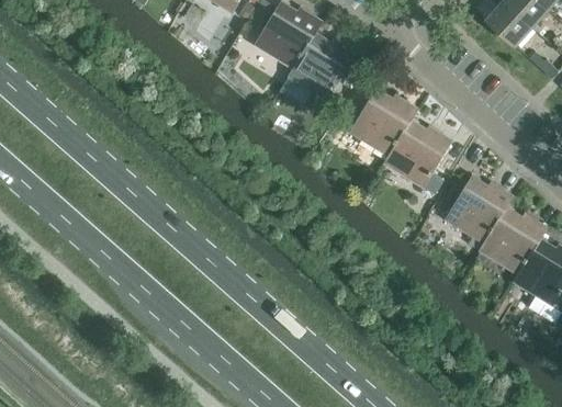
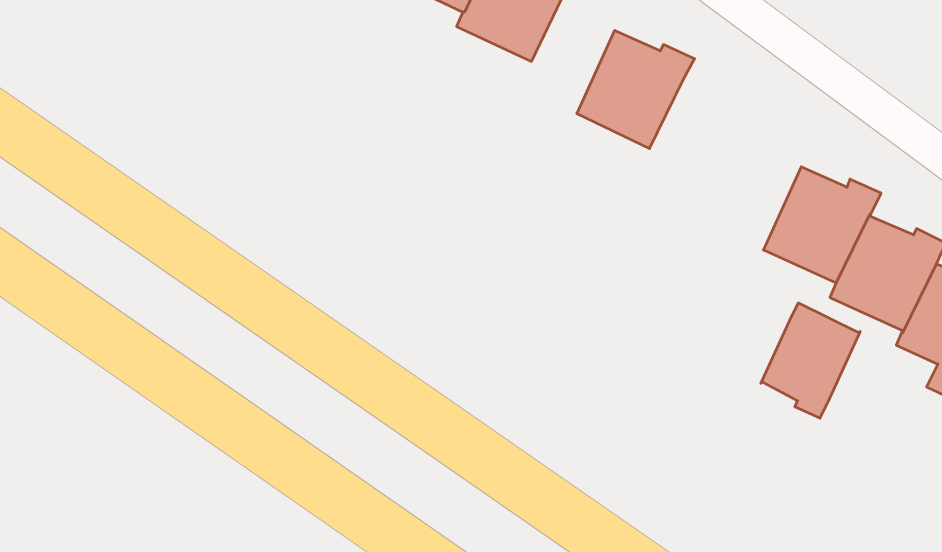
building: [383,120,452,196] -> none
building: none -> [761,303,860,418]

